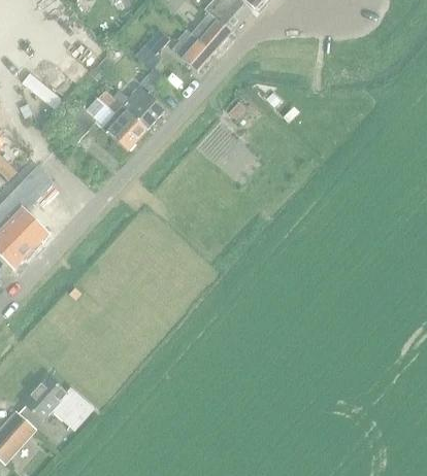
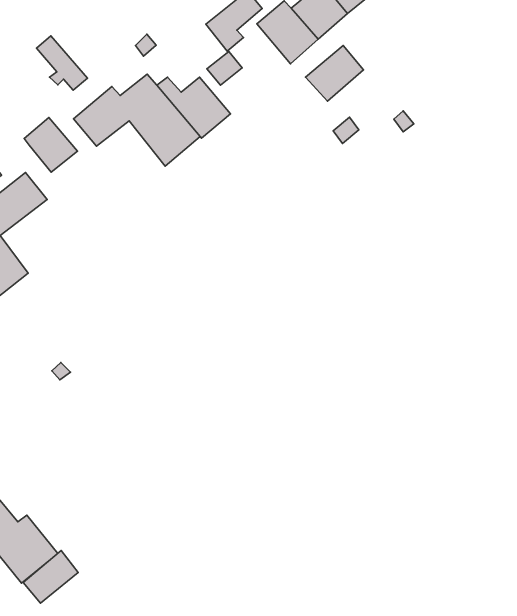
building: none -> [306,45,363,101]
building: none -> [24,117,78,172]
building: none -> [23,551,78,603]

